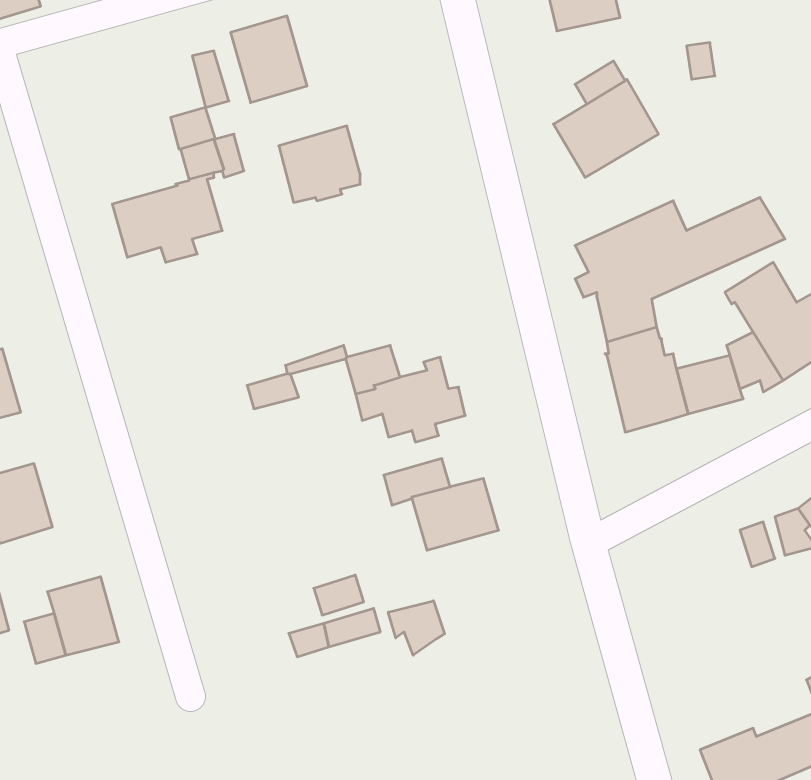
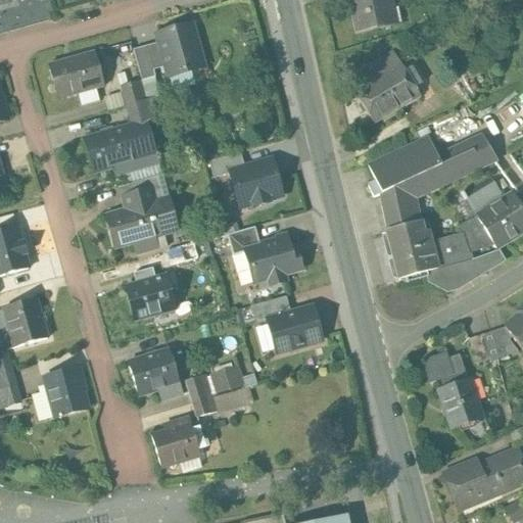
building: none -> [49,50,105,105]
building: [279,126,360,202] -> [231,158,281,205]
building: none -> [105,174,178,252]
building: none -> [425,246,504,290]
building: none -> [127,274,178,324]
building: none -> [130,348,179,393]
building: none -> [427,353,481,427]
building: none -> [187,373,215,401]
building: [388,601,445,655] -> none
building: none -> [152,416,201,466]

